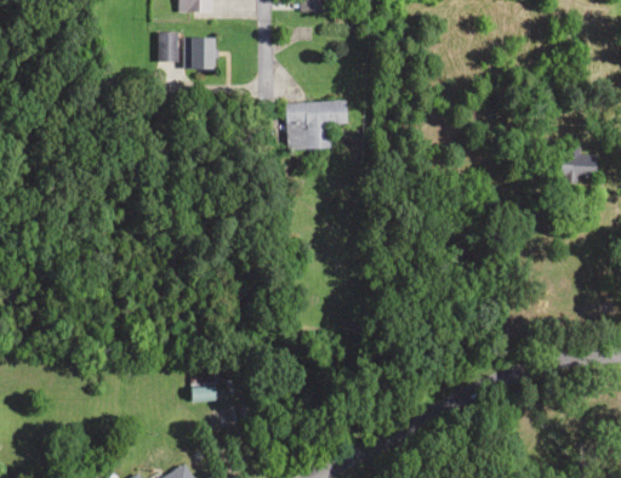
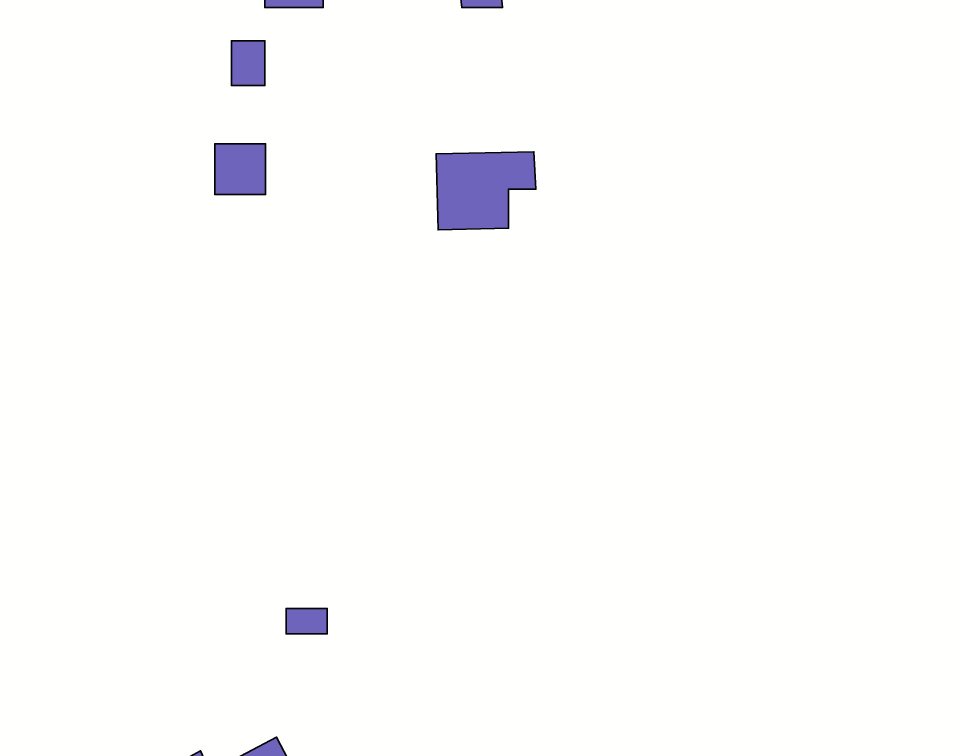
building: [183,36,215,68] -> [215,144,265,194]
building: [563,144,596,176] -> none

